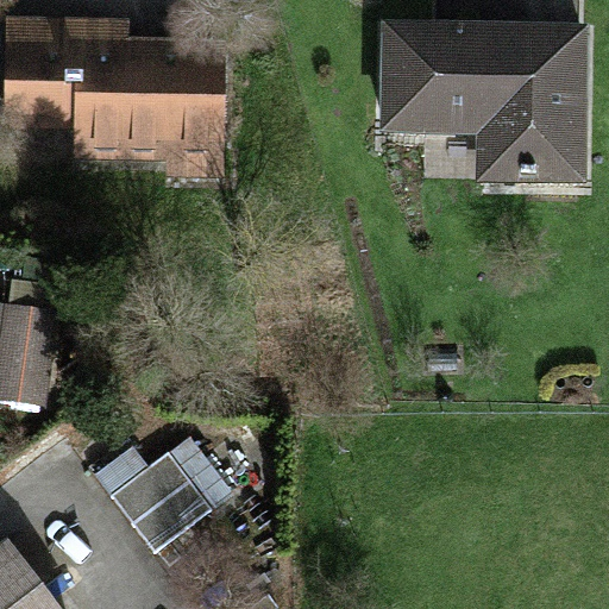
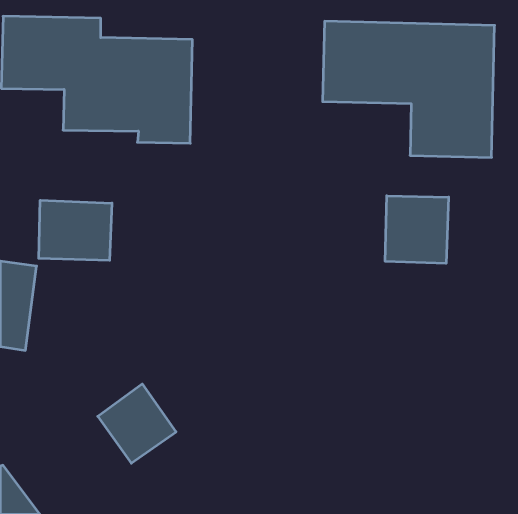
building: none -> [385,196,449,263]
building: none -> [39,200,112,260]

